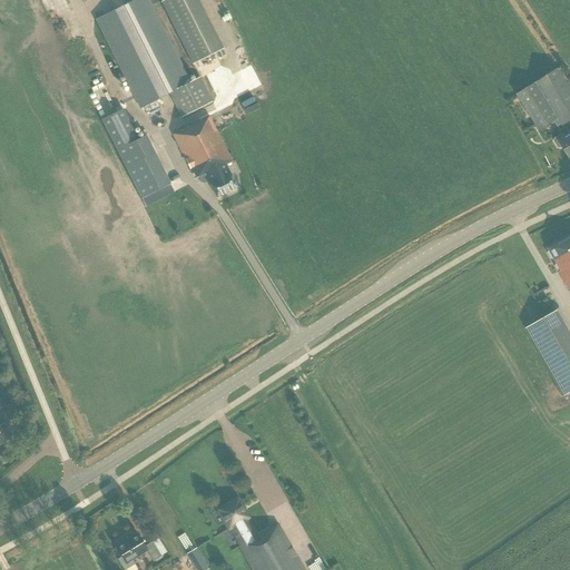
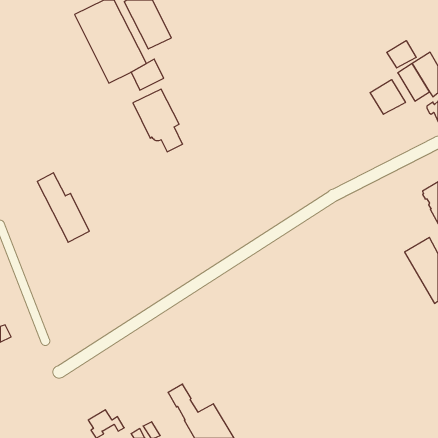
building: none -> [387,41,416,68]
building: none -> [370,80,405,114]
building: [102,108,170,198] -> [37,173,89,242]

